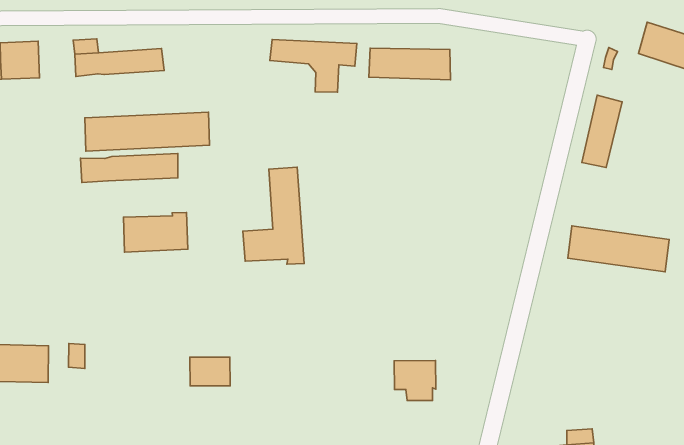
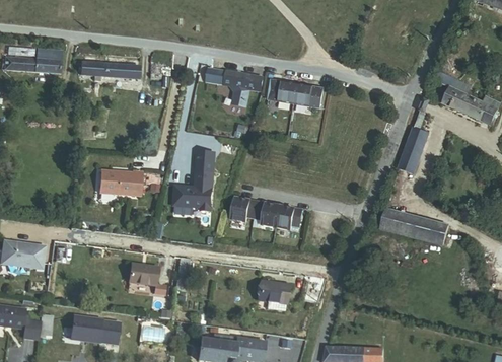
building: [85,112,209,151] -> none
building: [80,154,178,182] -> none
building: none -> [232,196,304,229]

